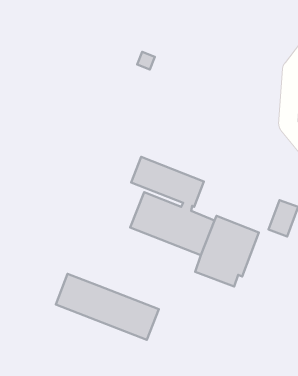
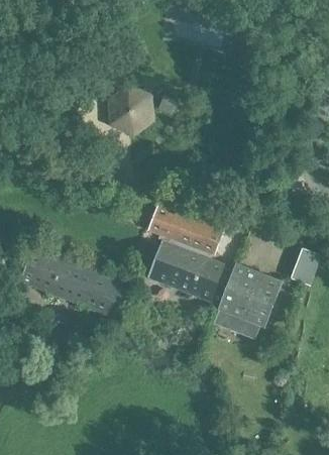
building: none -> [108,85,153,134]
building: [56,274,159,340] -> [21,249,127,317]

